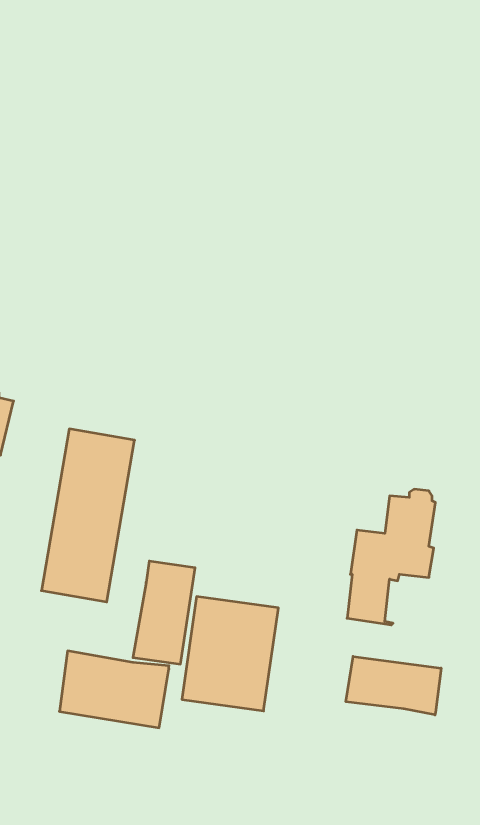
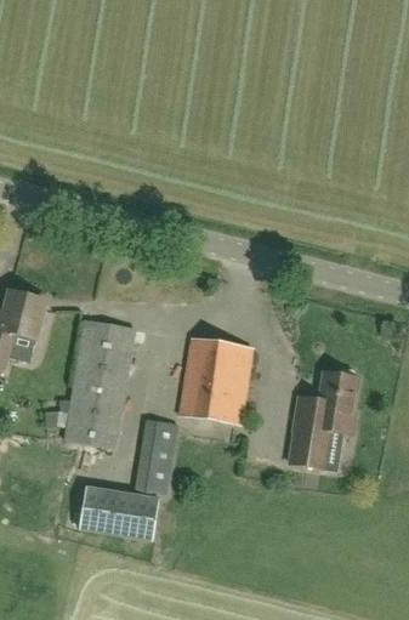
building: [182,597,278,711] -> [180,339,251,423]
building: [346,656,441,715] -> none

